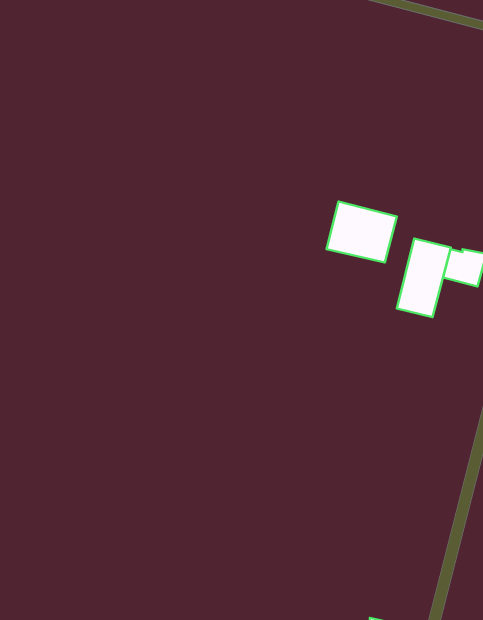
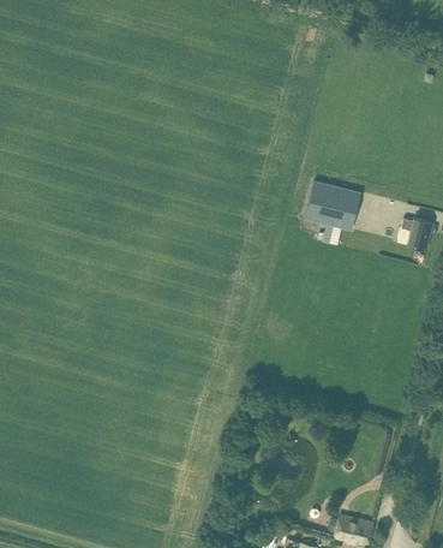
building: [397,238,451,317] -> none

